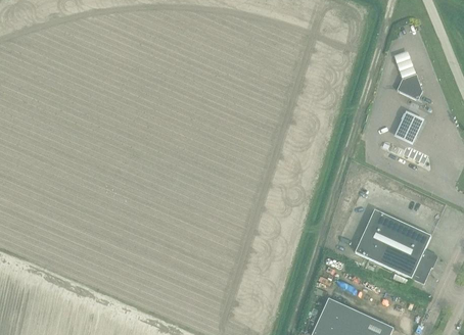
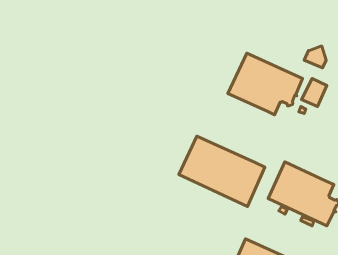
building: none -> [228,53,302,115]
building: none -> [179,136,265,206]

